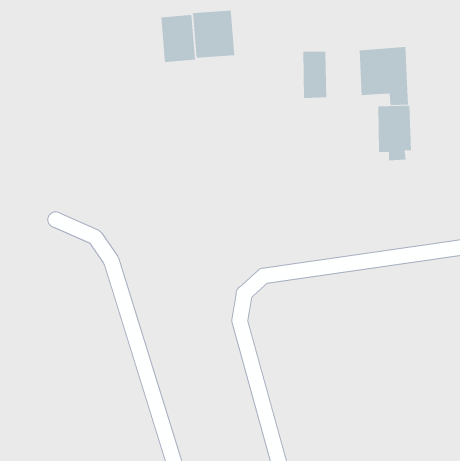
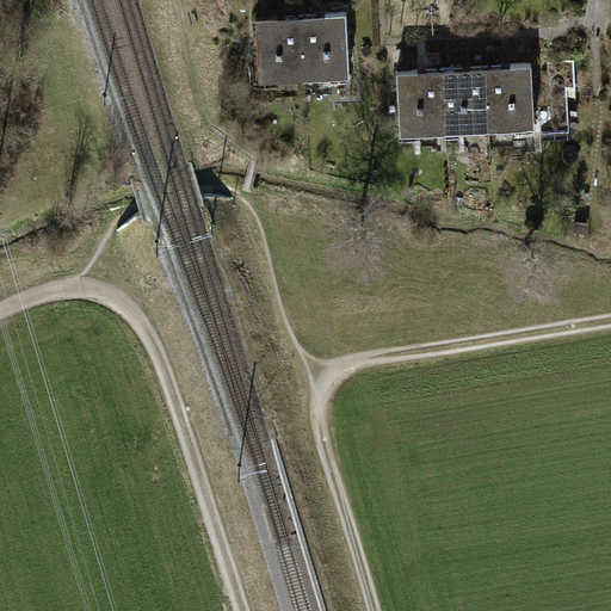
building: [160,14,196,63] -> [303,16,350,79]
building: [377,105,412,161] -> [427,72,473,144]

